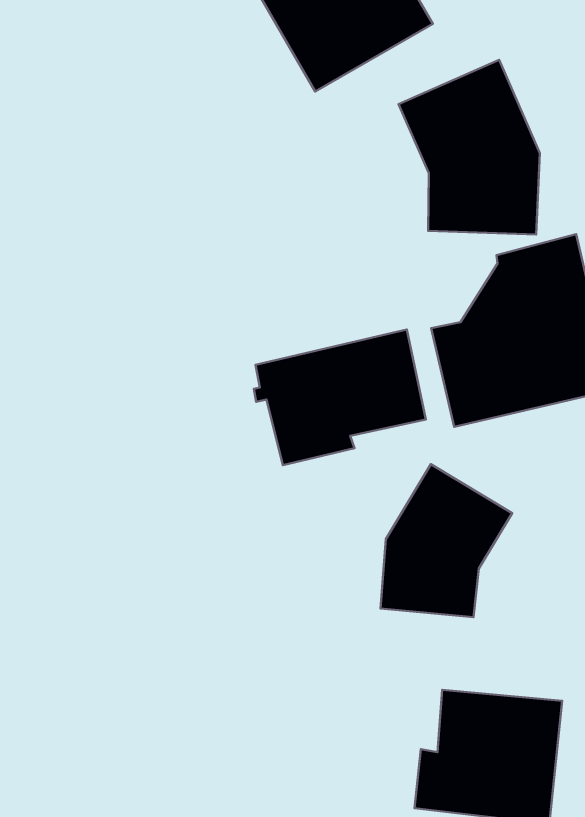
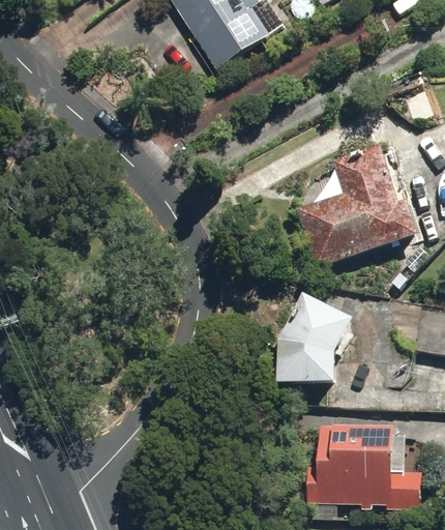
building: [399,60,540,234] -> none
building: [254,329,426,465] -> none

